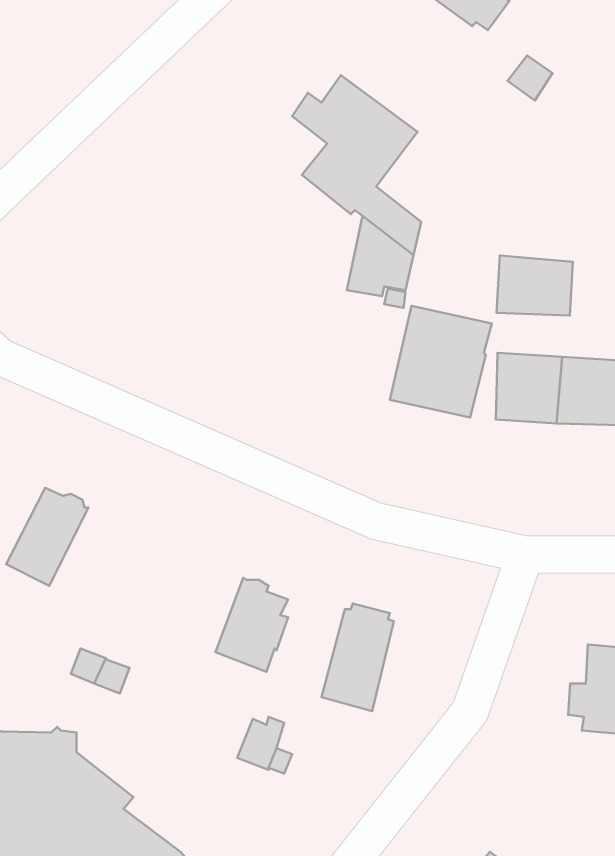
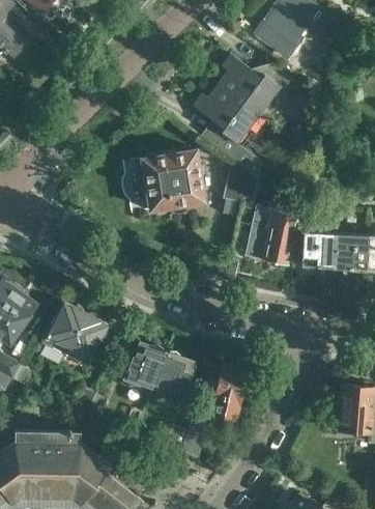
building: none -> [219,55,291,114]
building: none -> [133,150,204,215]
building: [496,255,573,316] -> none
building: none -> [64,312,108,366]
building: none -> [123,343,167,390]

